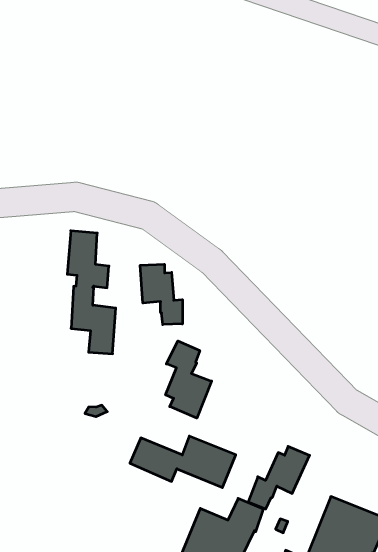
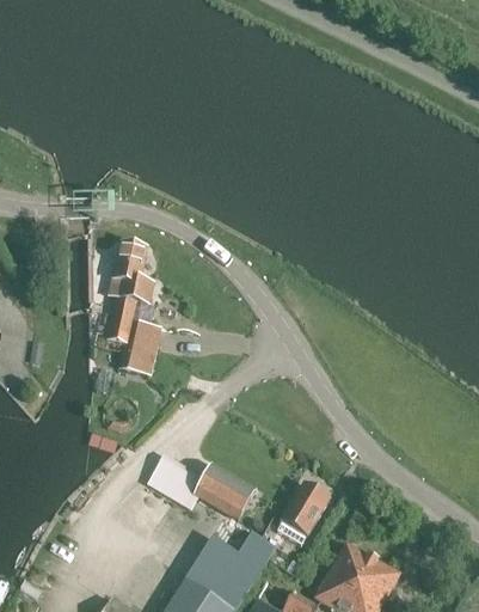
building: [140,264,182,325] -> none
building: [166,341,212,418] -> none

